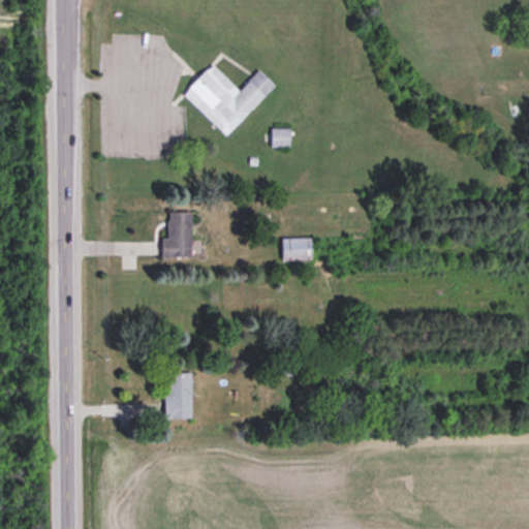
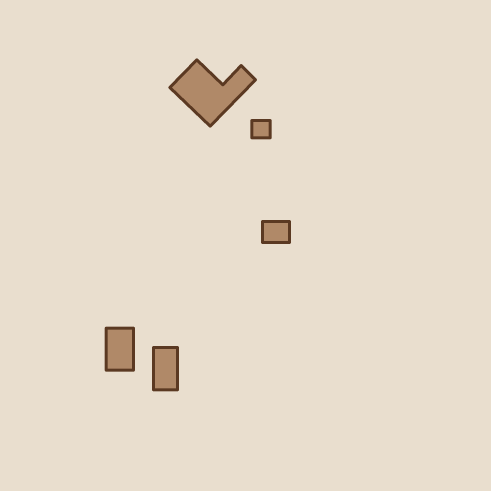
building: [163,212,192,258] -> none
building: none -> [106,328,134,370]

